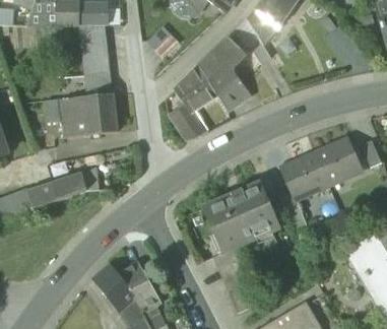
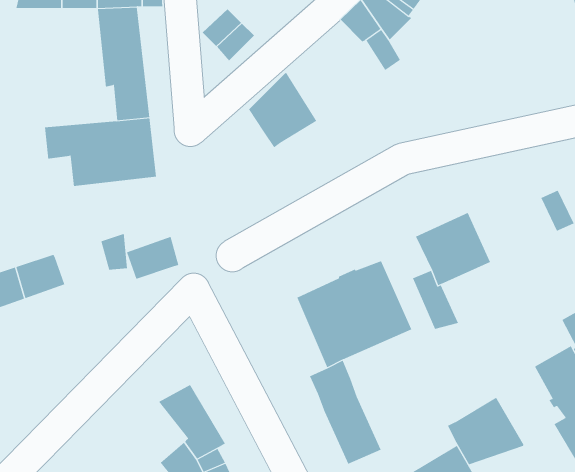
building: [199,37,251,111] -> none
building: [168,103,208,140] -> none
building: [314,138,362,185] -> none
building: [53,172,86,199] -> [126,236,179,279]
building: [92,262,136,312] -> none
building: none -> [447,397,524,465]

